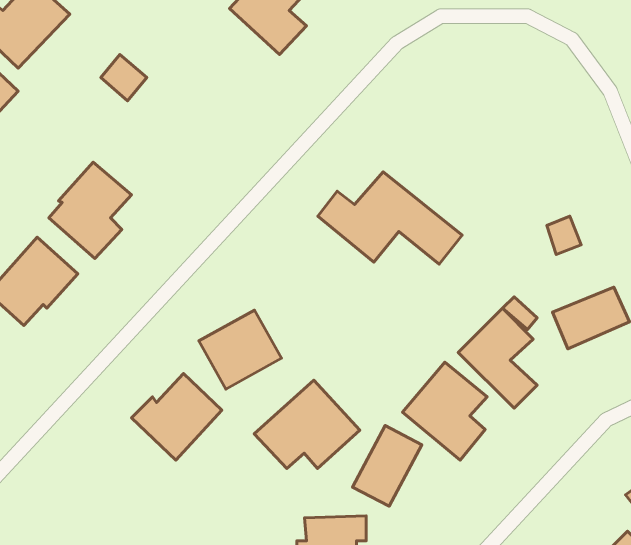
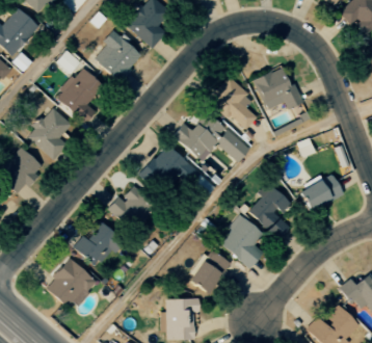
building: none -> [92,30,142,81]
building: none -> [253,67,302,110]
building: none -> [55,68,104,122]
building: none -> [210,78,257,131]
building: [254,380,360,468] -> [138,143,195,191]
building: none -> [45,259,97,306]

